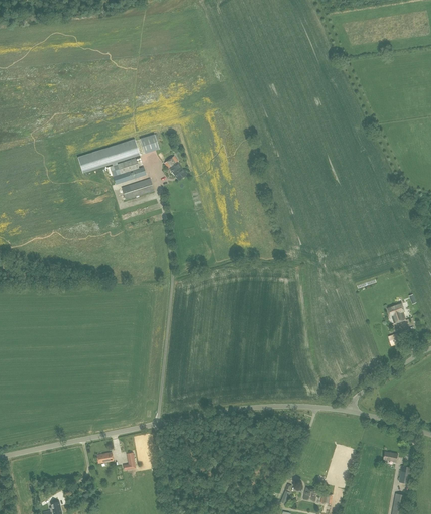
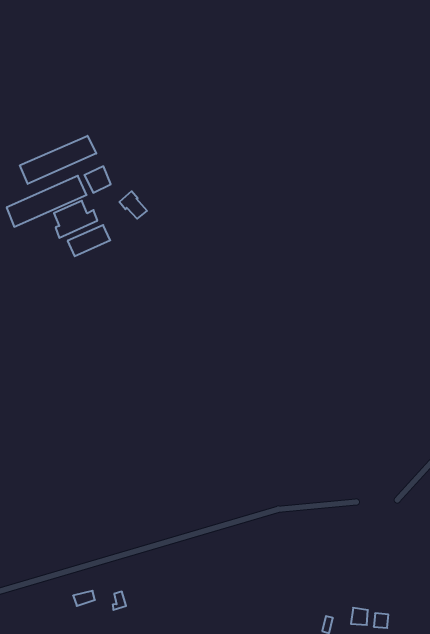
building: none -> [20,136,96,184]

